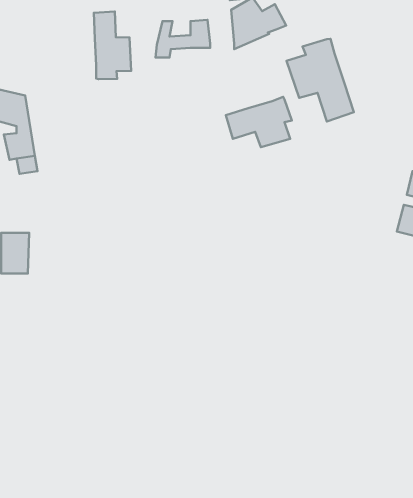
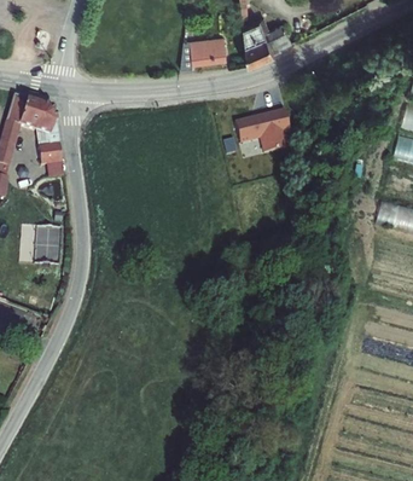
building: [94,12,131,79] -> none
building: [286,39,354,121] -> none

